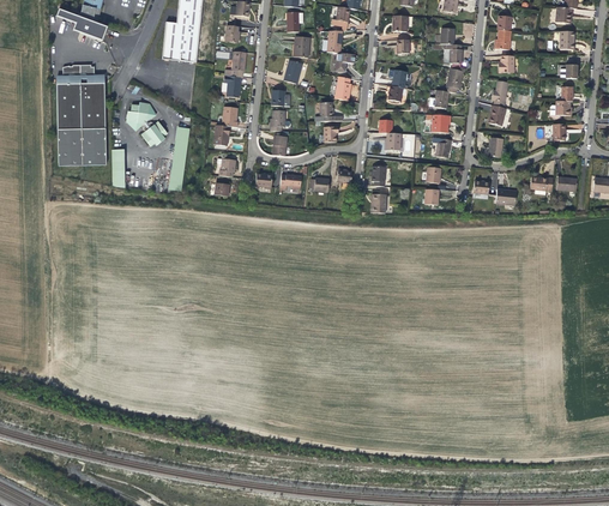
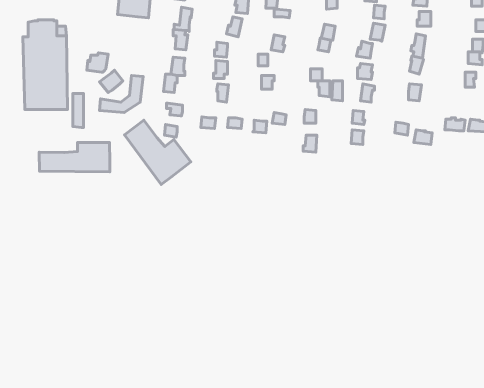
building: none -> [125,120,191,185]
building: none -> [39,143,110,172]

